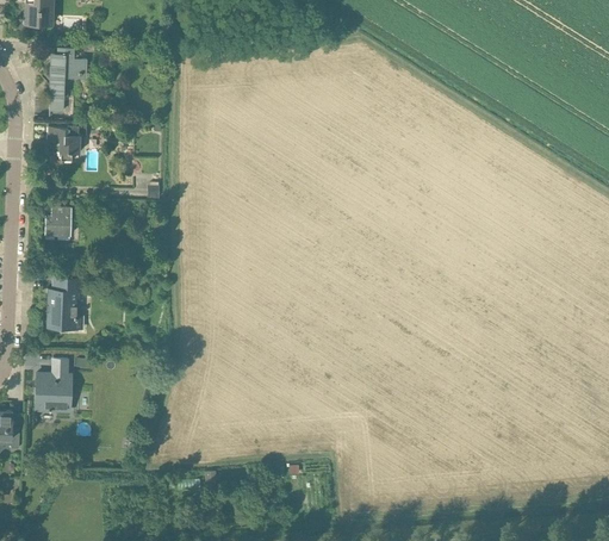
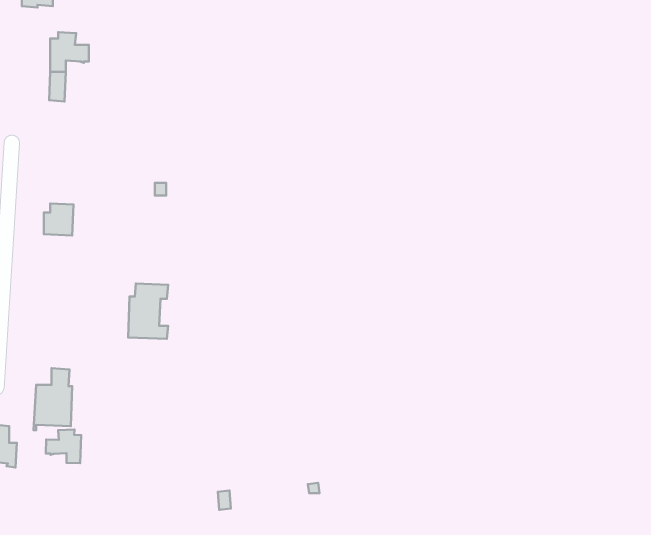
building: [48,125,86,162] -> none
building: [46,278,83,329] -> [128,283,168,339]
building: none -> [46,430,81,463]

